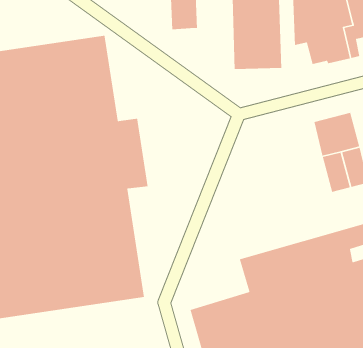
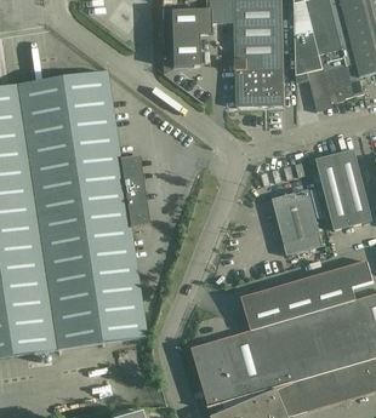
building: none -> [273,189,324,256]

